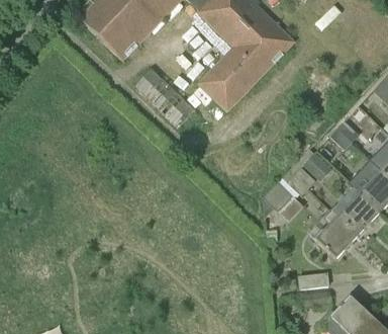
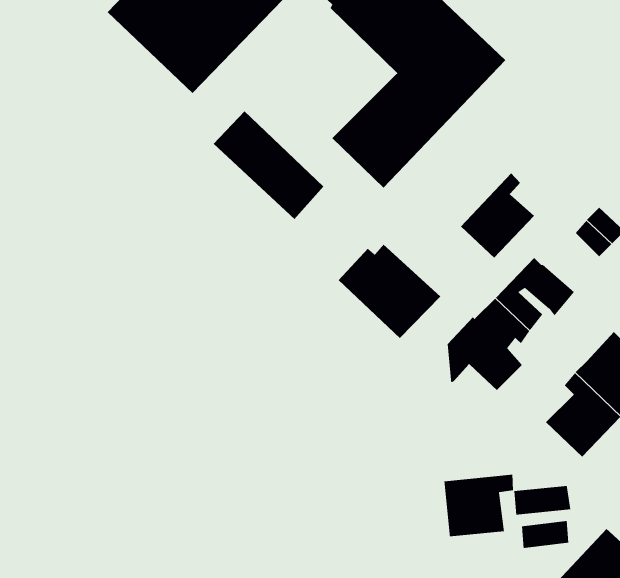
building: none -> [460,172,535,259]
building: none -> [338,244,441,339]
building: none -> [444,474,514,537]

